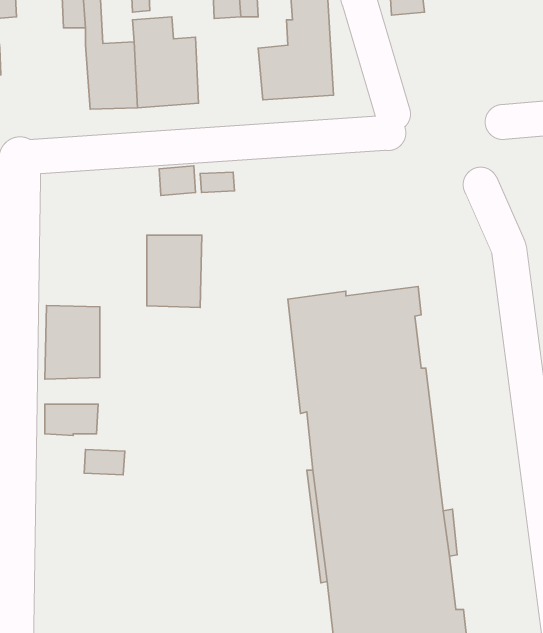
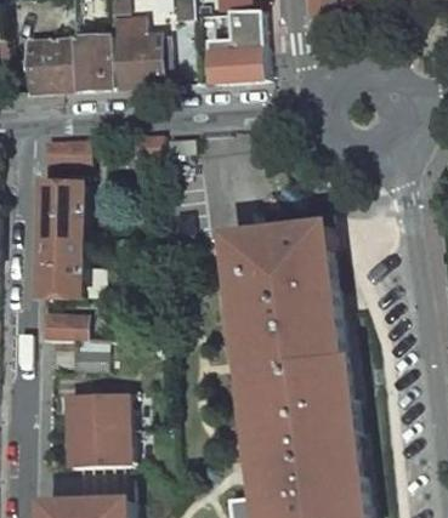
building: none -> [23,38,73,91]
building: none -> [39,136,83,166]
building: [147,235,202,307] -> [39,184,81,240]
building: none -> [64,395,126,469]

